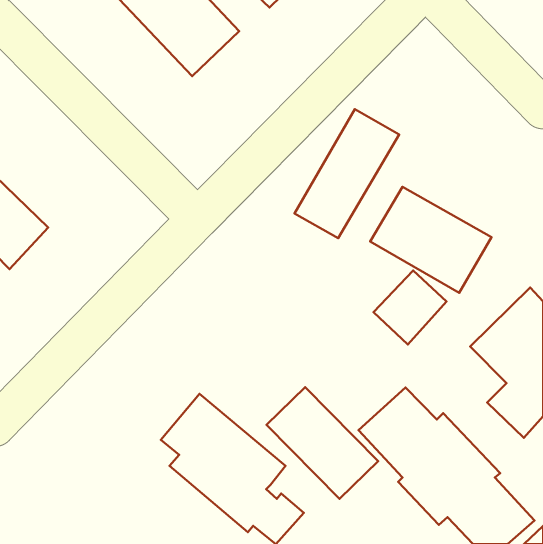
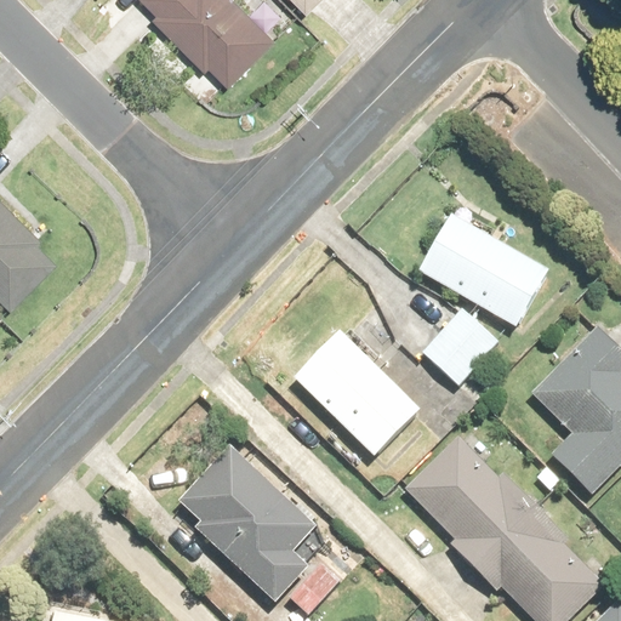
building: [295,109,399,238] -> none
building: [266,387,378,499] -> [296,331,422,457]

